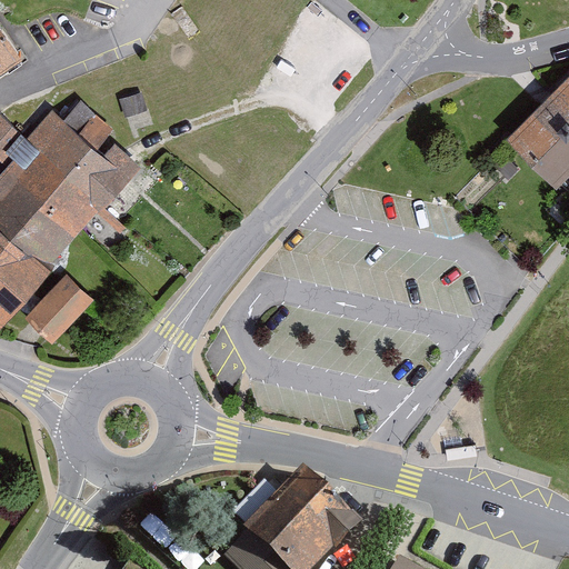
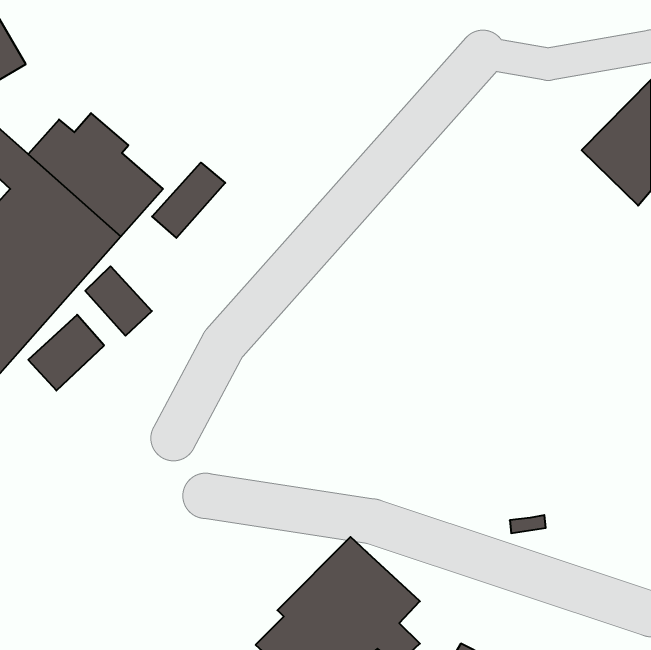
building: none -> [152,163,225,238]
building: none -> [85,266,152,336]

